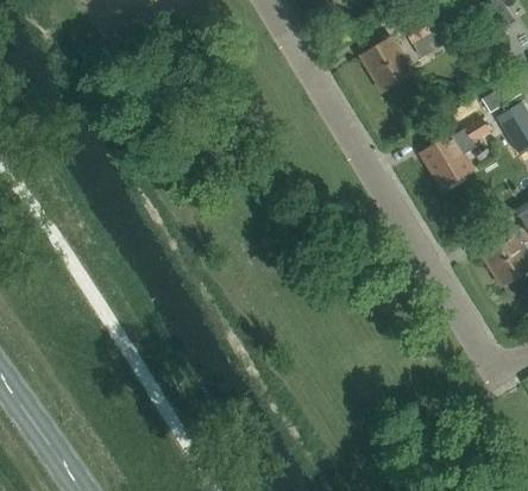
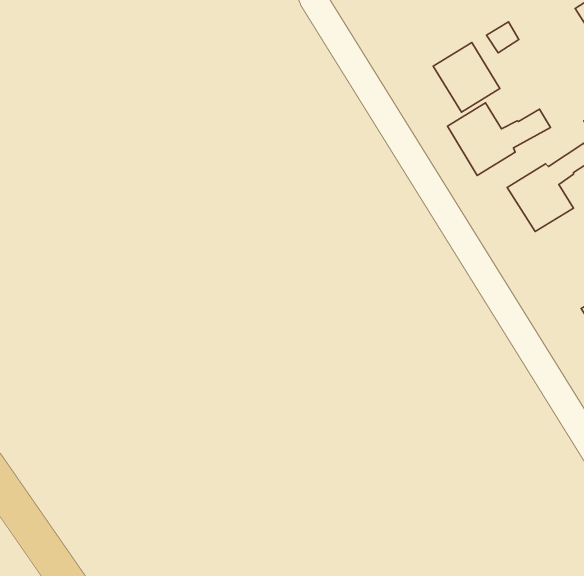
building: none -> [448,103,550,176]

